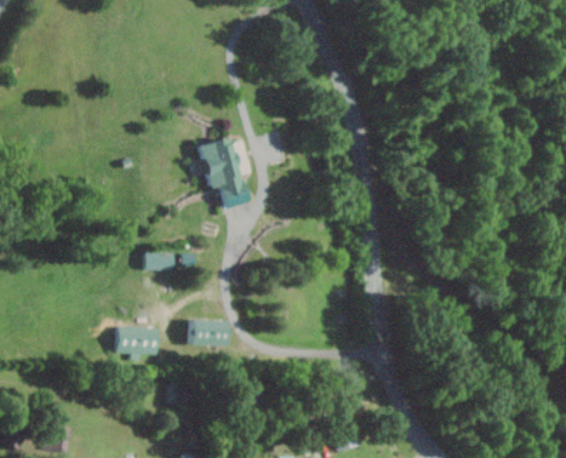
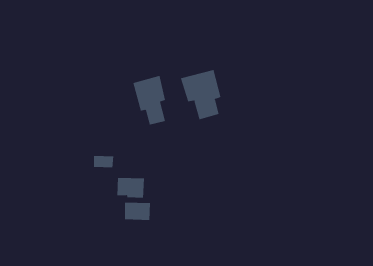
building: none -> [180,69,221,120]
building: [115,326,156,356] -> [116,177,145,198]

